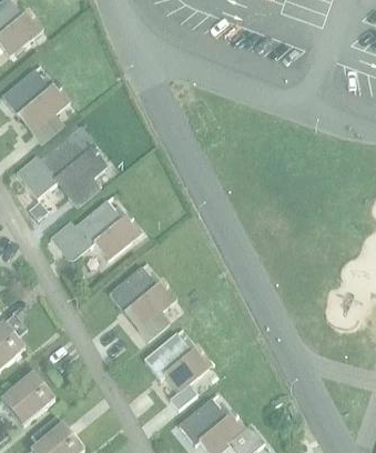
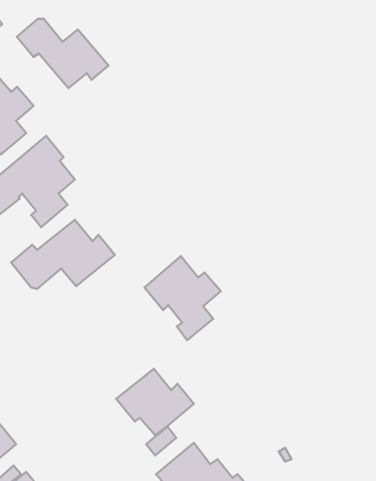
building: none -> [17,19,109,88]
building: [109,265,176,340] -> [144,256,221,340]

